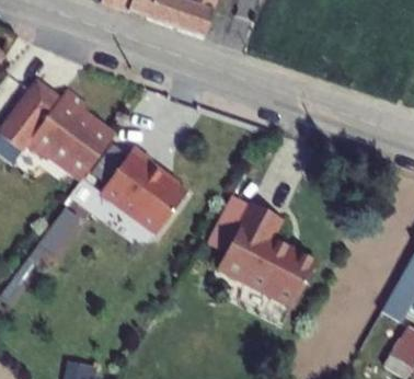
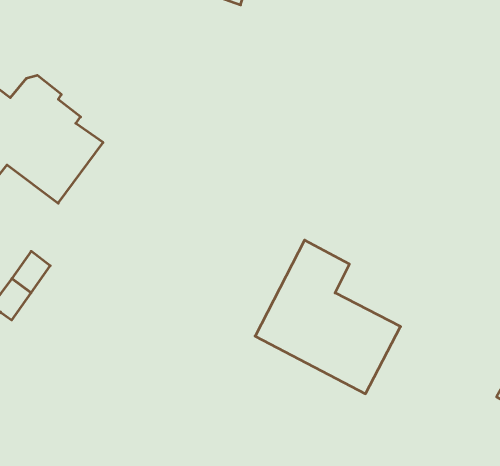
building: [97,143,185,233] -> none

